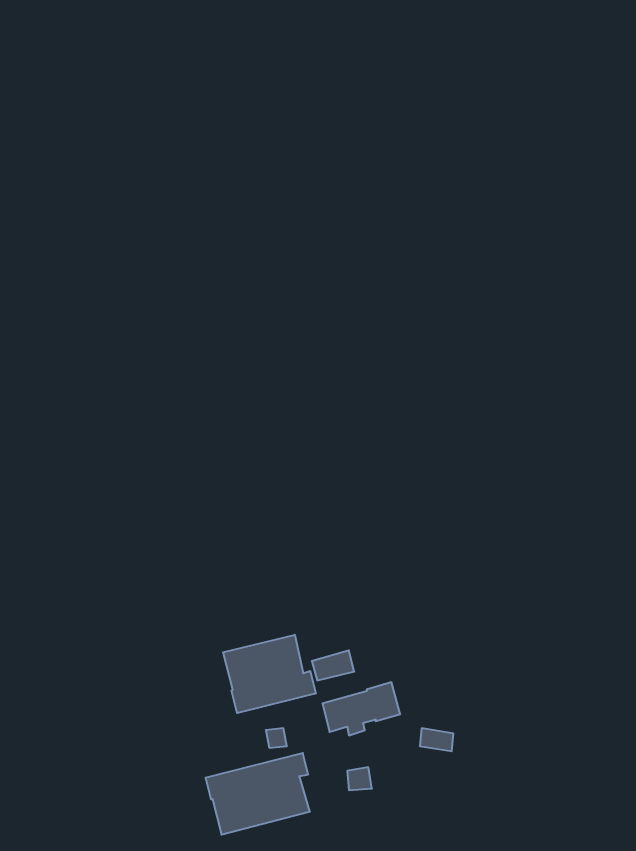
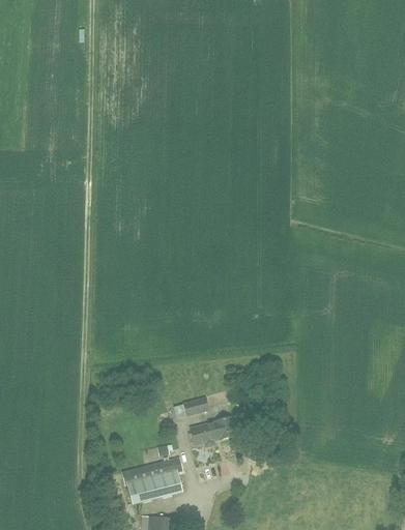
building: [223,635,316,713] -> none

